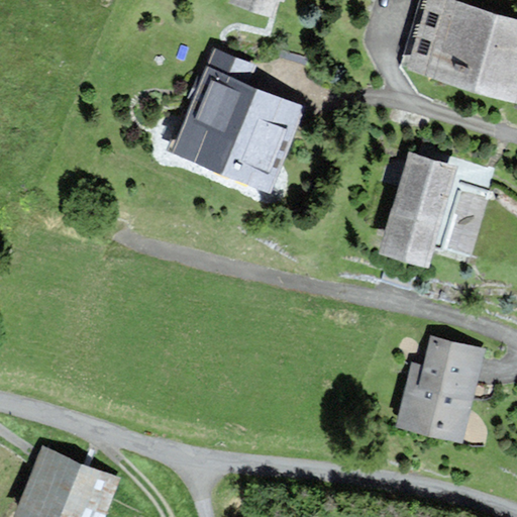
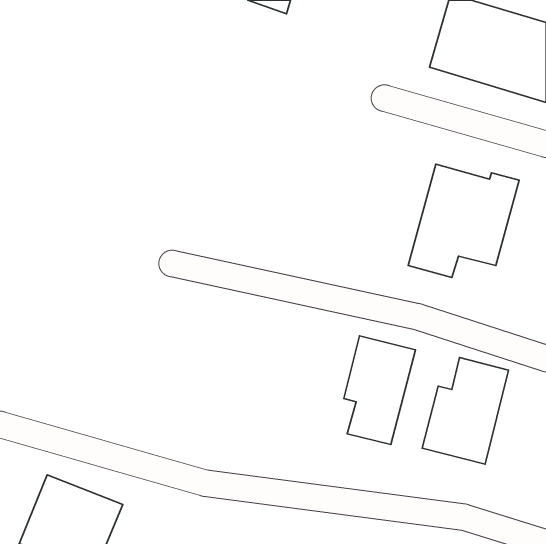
building: [175,51,303,189] -> none
building: none -> [344,336,415,445]

